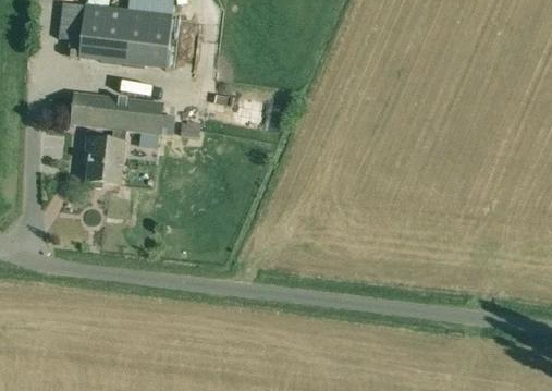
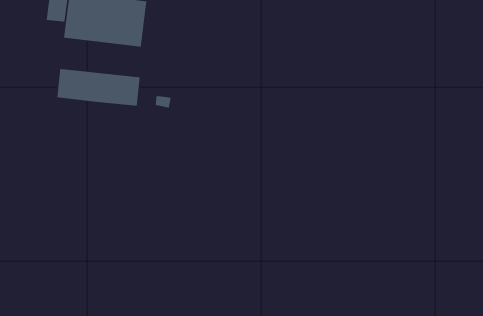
building: [86,130,125,187] -> none

